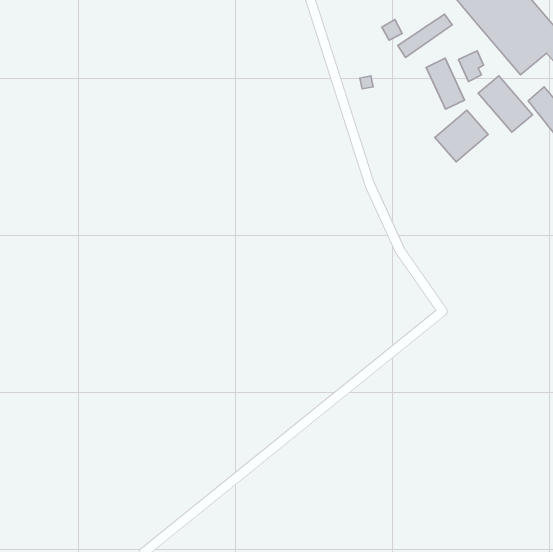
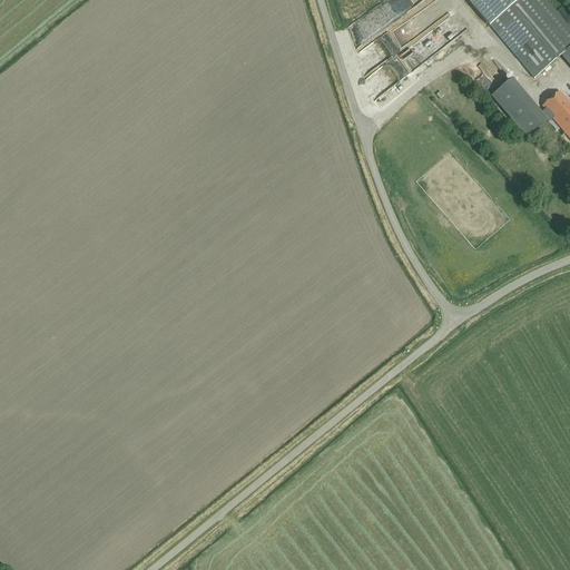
building: [426,58,465,109] -> none
building: [435,110,488,162] -> none

